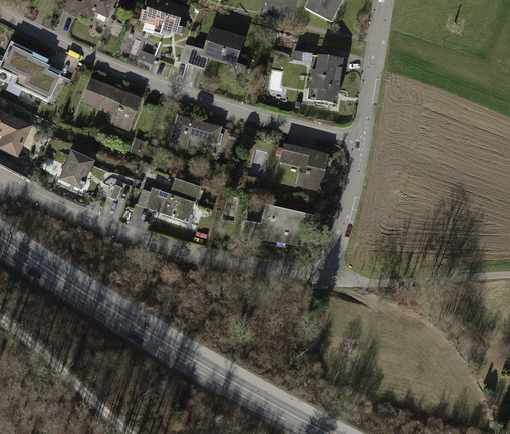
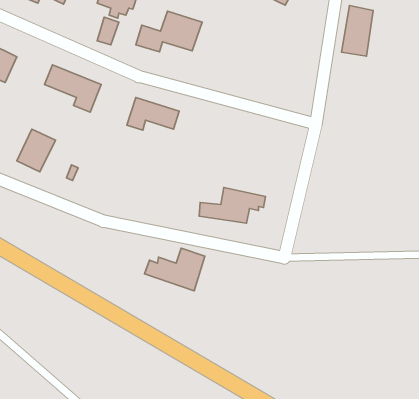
building: [312,53,344,104] -> [342,6,373,56]
building: [279,142,327,188] -> none
building: [136,176,197,219] -> [145,248,205,291]

